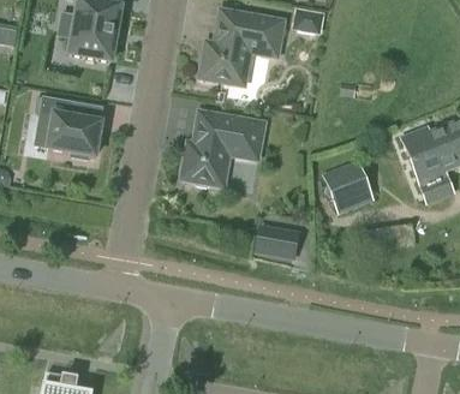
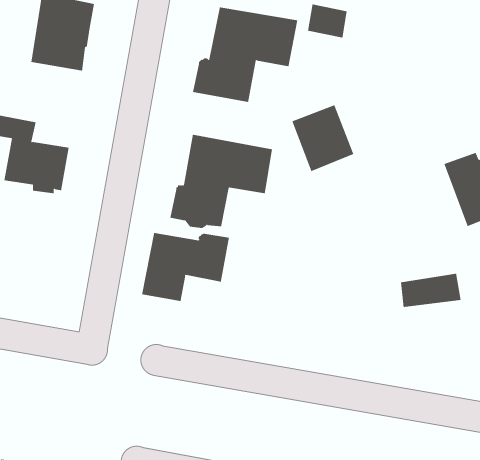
building: [322,160,372,214] -> [291,105,354,172]
building: none -> [141,232,230,302]
building: [253,225,298,261] -> none

